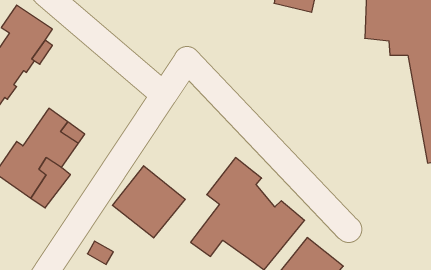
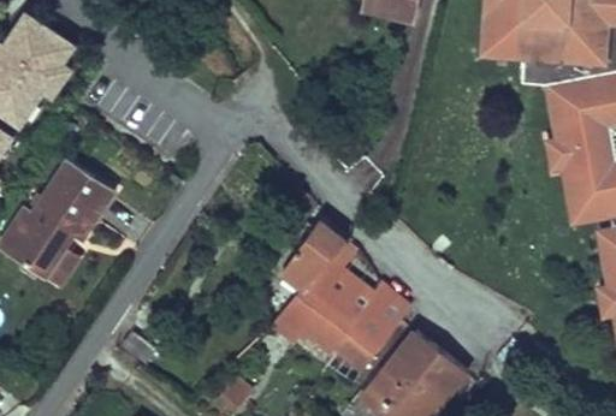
building: [112,166,185,238] -> none

